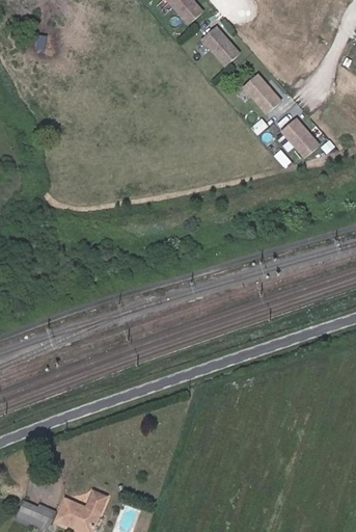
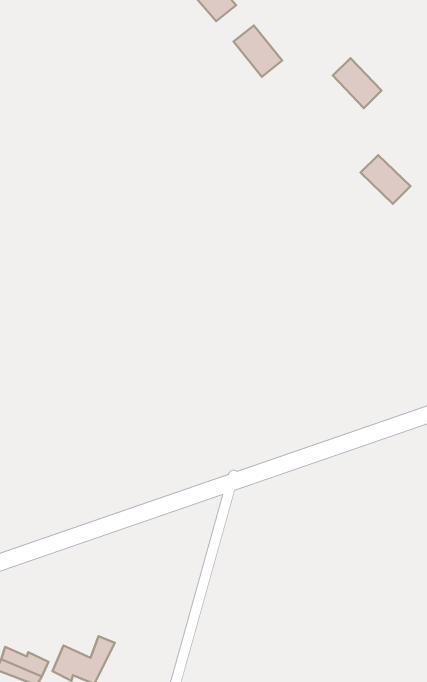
building: [250,81,287,119] -> [333,58,381,108]

